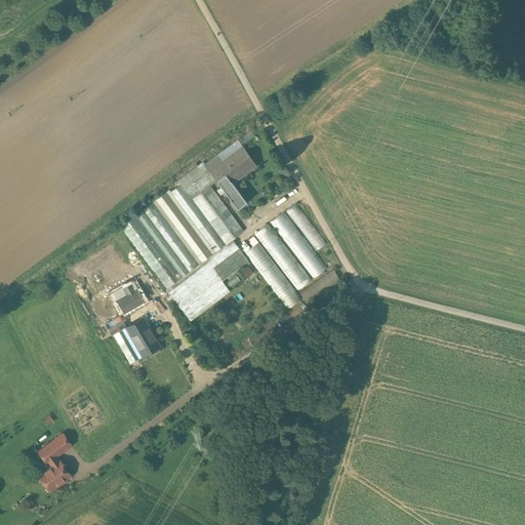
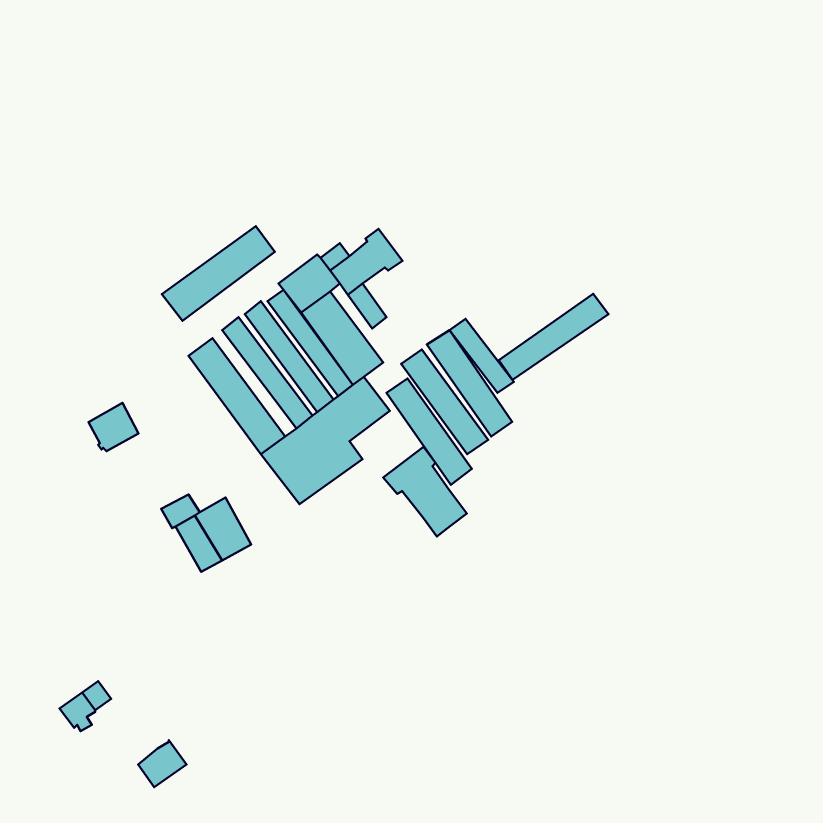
building: none -> [162,226,275,321]
building: none -> [499,294,608,380]
building: [112,282,144,313] -> [89,403,139,451]
building: none -> [383,447,467,537]
building: [39,460,70,490] -> [138,740,186,787]

